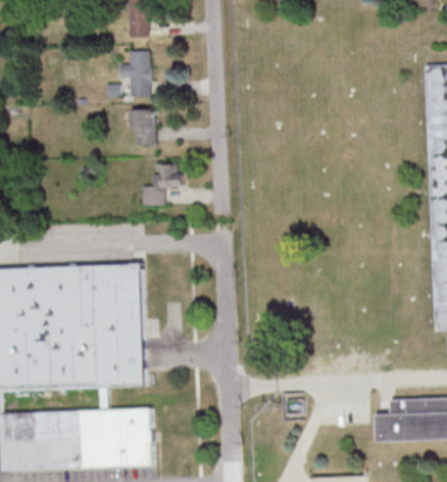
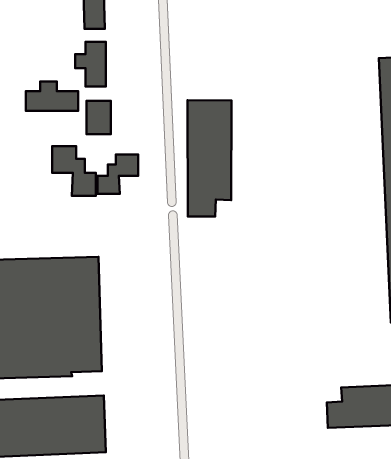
building: none -> [26,82,78,111]
building: none -> [188,100,232,217]
building: none -> [52,146,96,196]

